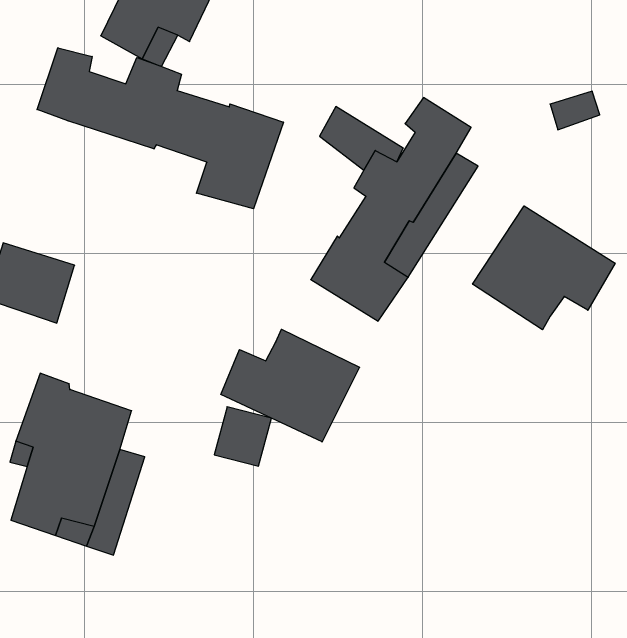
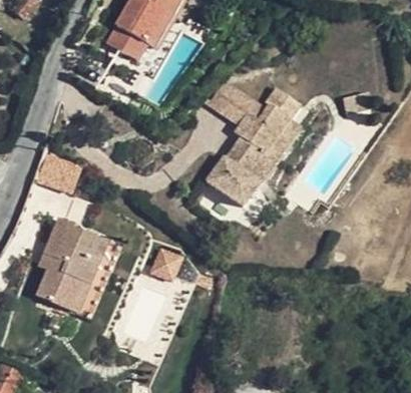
building: [37,48,283,209] -> none
building: [473,206,615,330] -> none
building: [221,329,360,442] -> none

